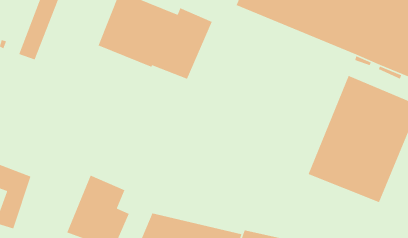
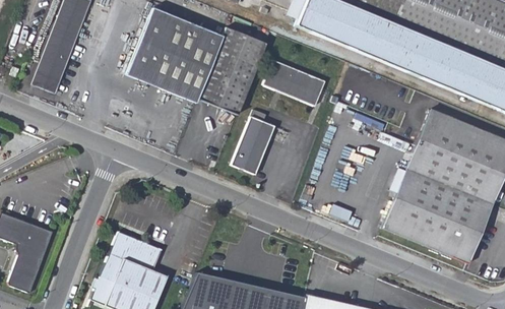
building: none -> [264,61,326,106]
building: none -> [231,110,275,174]

